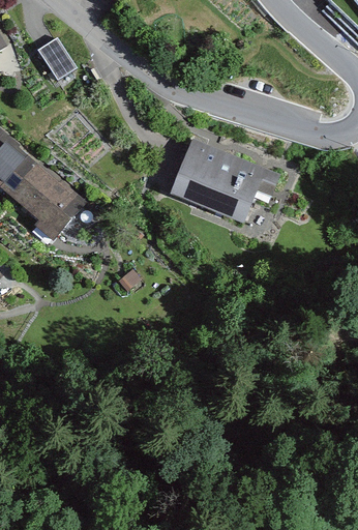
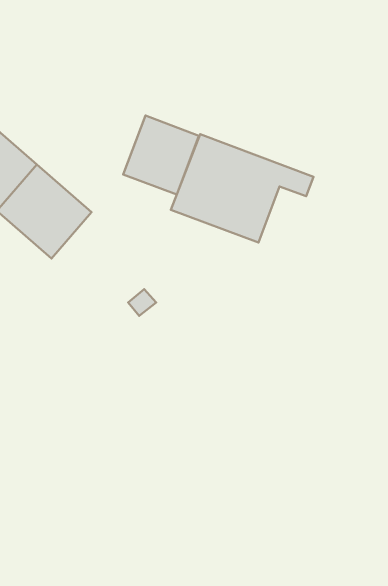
building: [40,35,79,78] -> none
building: none -> [123,116,199,195]

